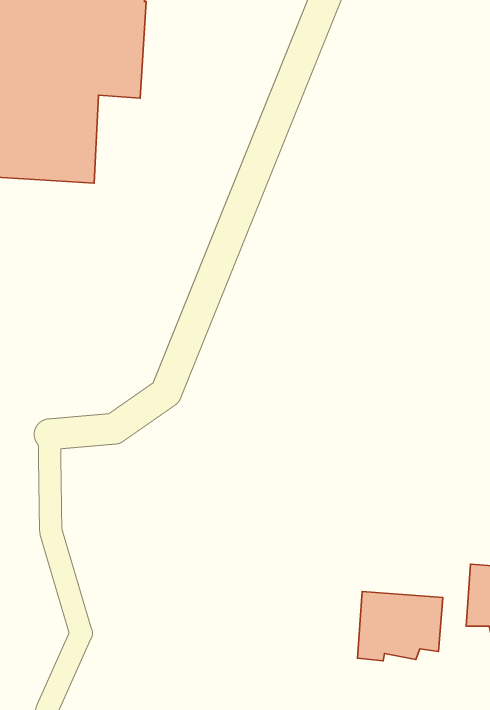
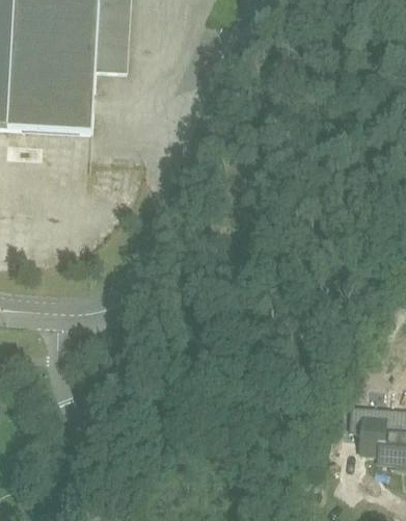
building: [357,592,443,661] -> none

